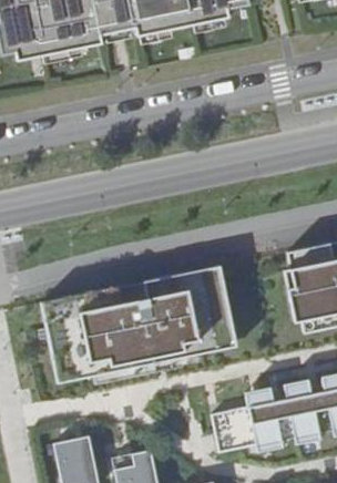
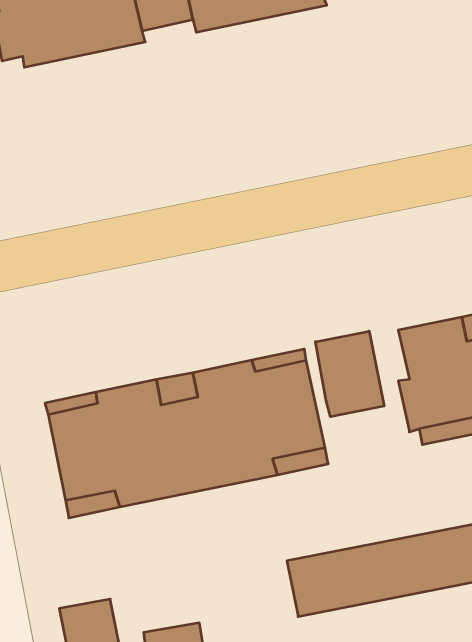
building: none -> [315,331,384,417]

